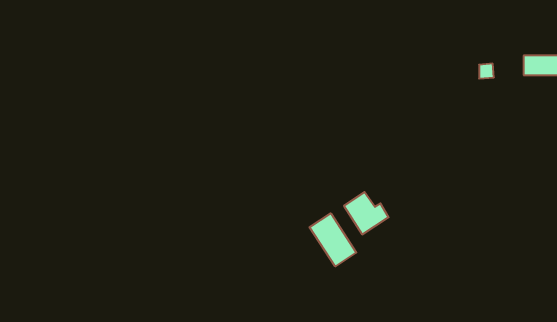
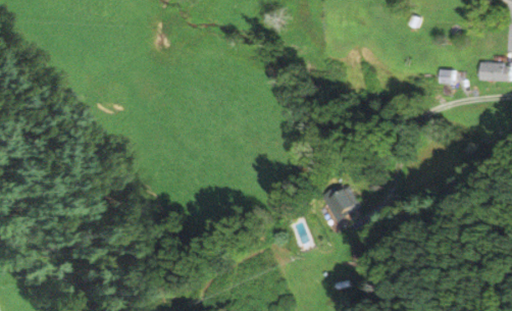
building: [310,213,356,266] -> none

